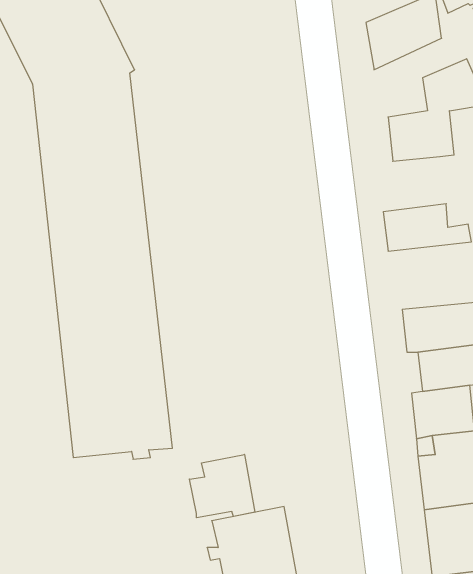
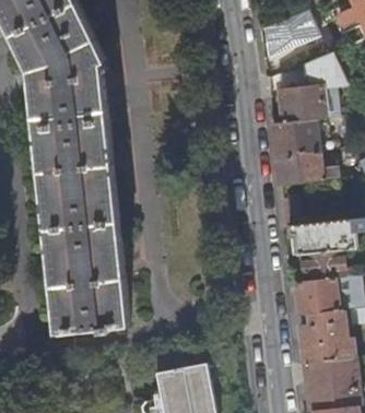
building: none -> [271,120,318,158]
building: [189,454,255,518] -> none

